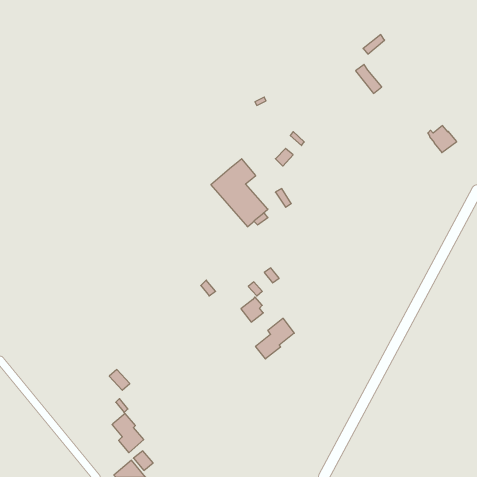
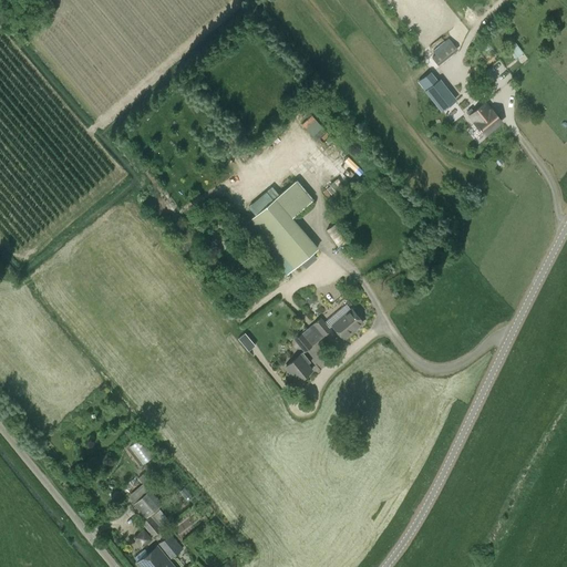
building: [428,126,457,153] -> [467,103,502,135]
building: none -> [332,309,363,339]
building: [256,318,294,359] -> none

